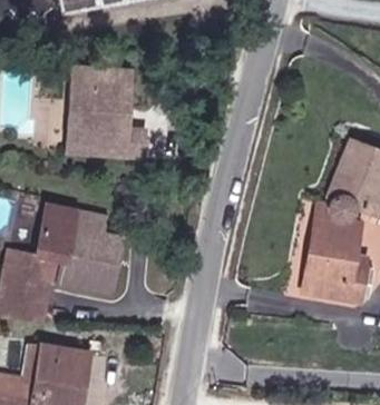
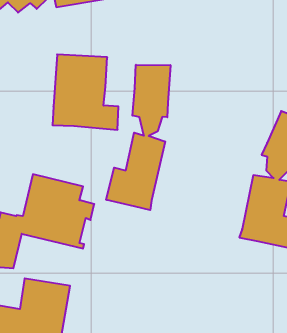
building: none -> [106,65,170,210]

